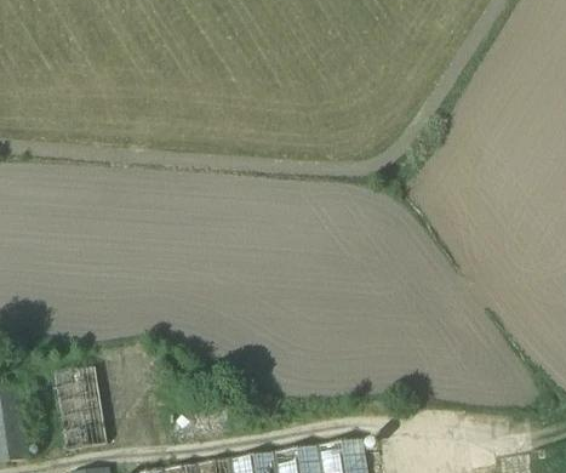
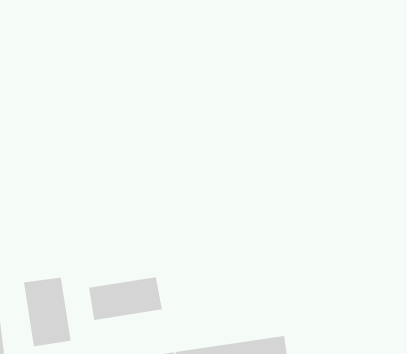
building: none -> [88,276,162,321]

